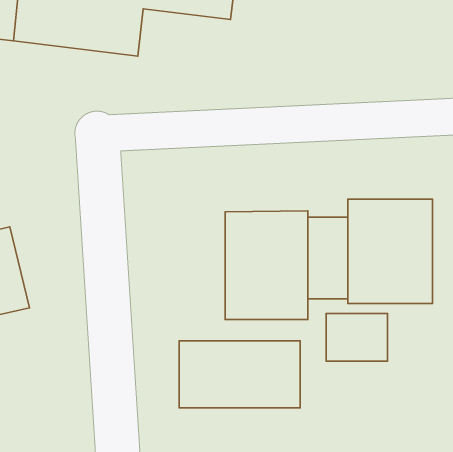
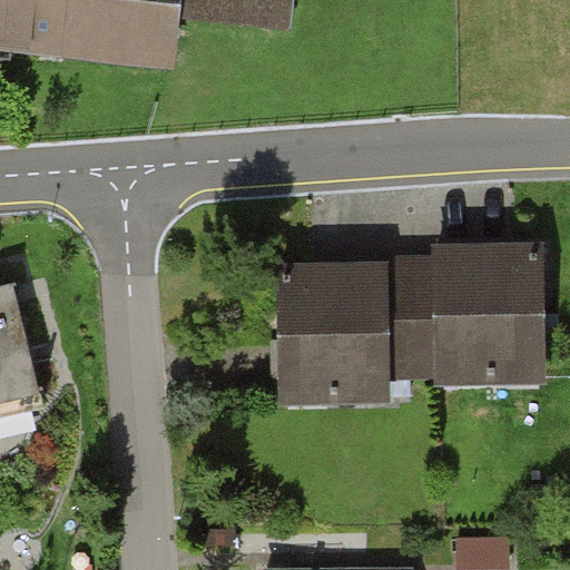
building: [326,314,388,361] -> none
building: [179,341,300,408] -> none

